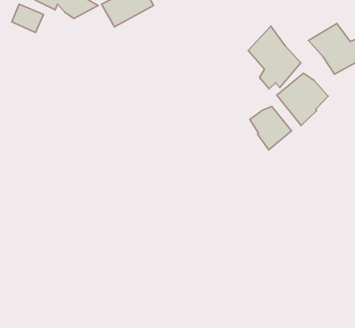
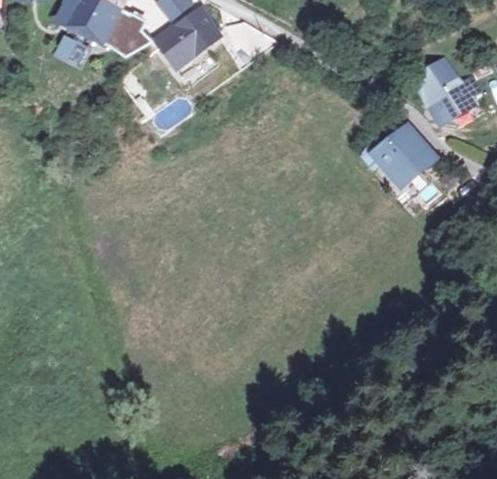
building: [248,26,301,89] -> none
building: [250,107,292,150] -> none

